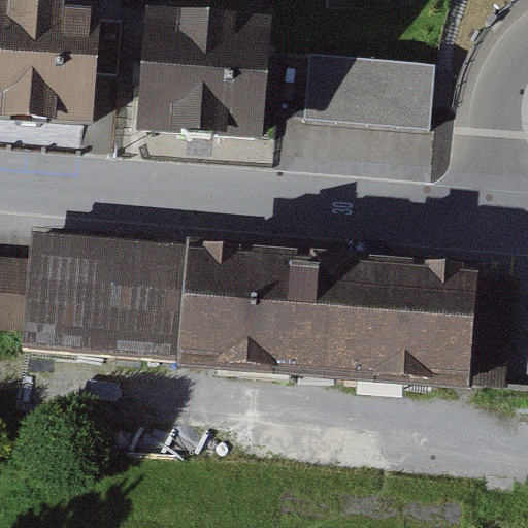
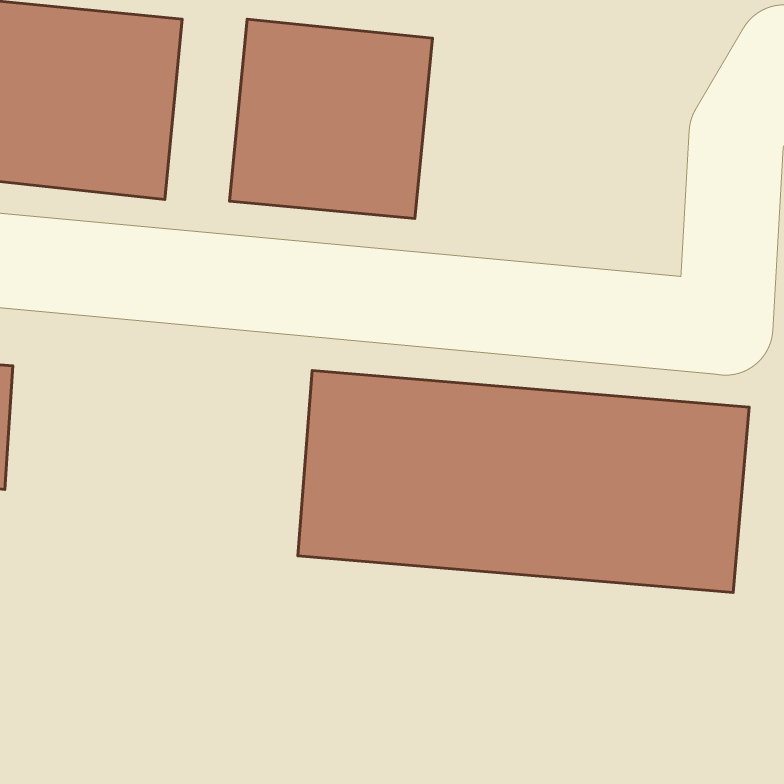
building: [297,48,424,126] -> none
building: [19,230,187,355] -> none

